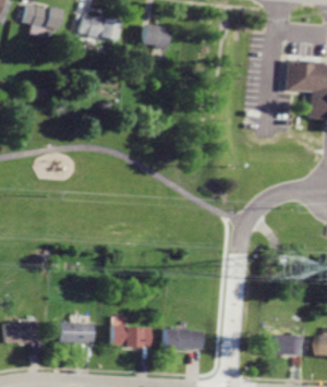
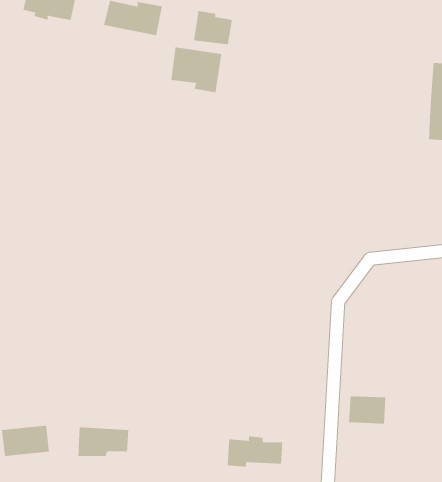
building: none -> [171,47,222,93]
building: [282,59,312,93] -> none
building: [112,324,154,349] -> none
building: [272,335,300,355] -> [348,395,386,424]

